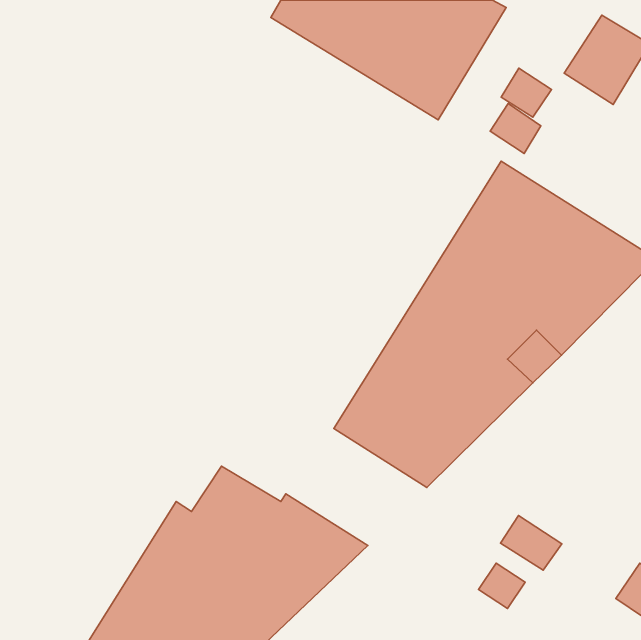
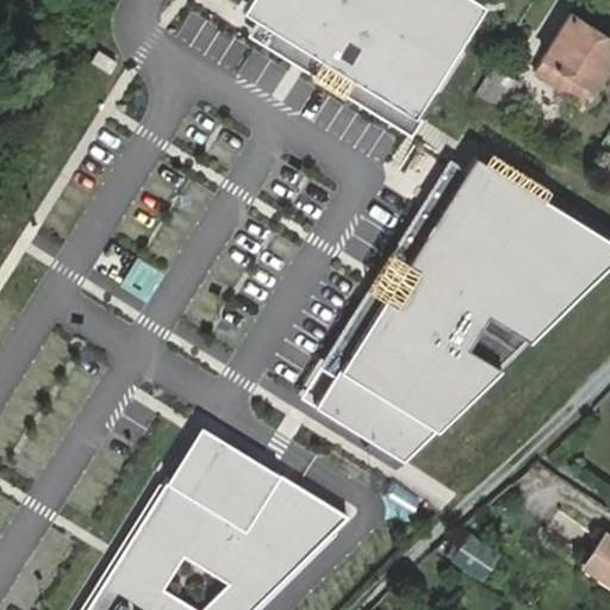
building: [490,103,541,153] -> none
building: none -> [169,427,273,487]
building: [500,515,562,570] -> none

